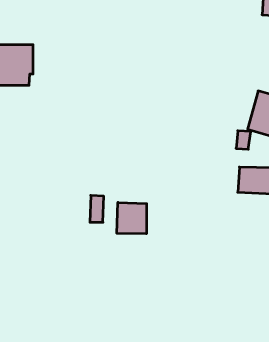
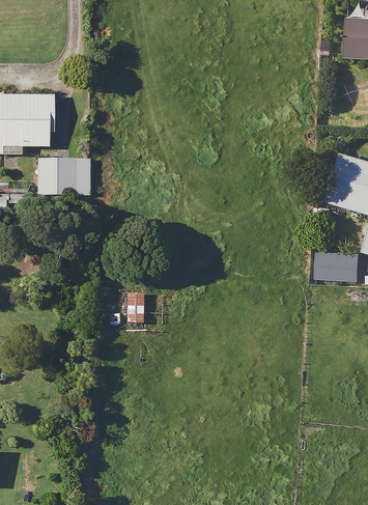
building: none -> [51,158,90,180]
building: [117,202,147,234] -> none

